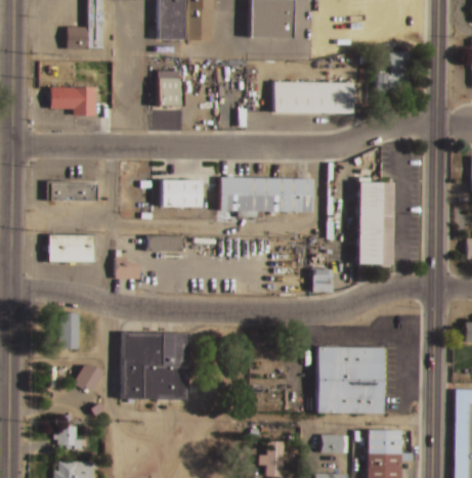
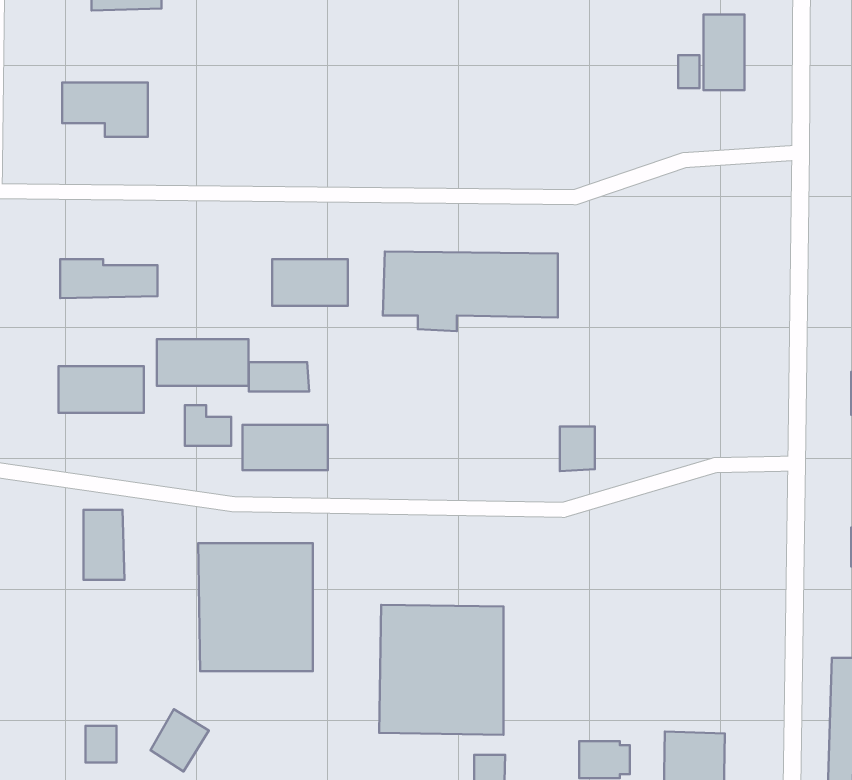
building: [157,72,182,107] -> none
building: [273,83,351,113] -> none
building: [357,184,394,265] -> none
building: none -> [157,339,249,386]
building: none -> [243,425,328,470]
building: [316,347,382,416] -> [379,605,503,735]
building: [74,362,104,395] -> [150,709,209,771]

